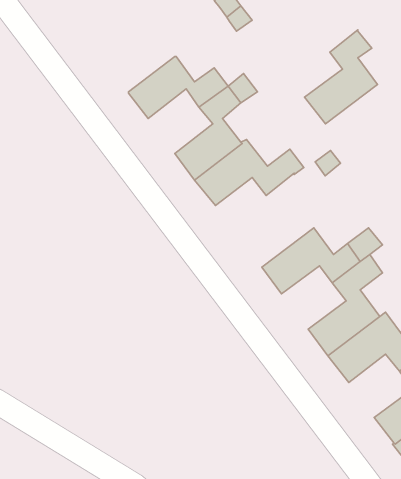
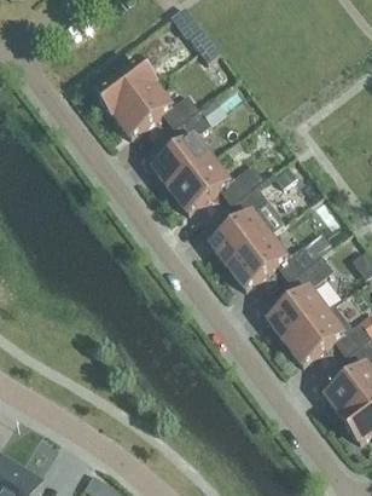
building: none -> [95,60,156,116]
building: [305,30,378,124] -> [210,185,273,266]

